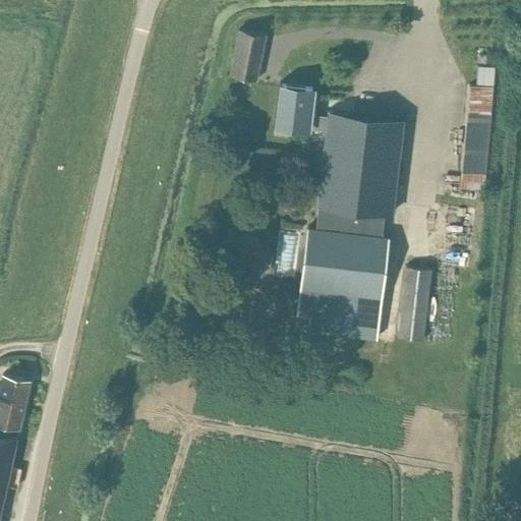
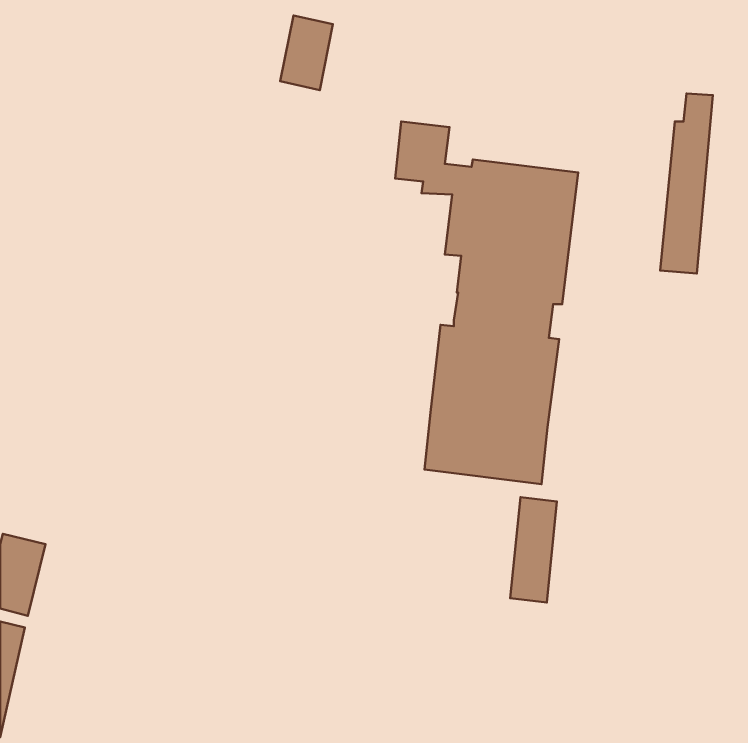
building: [229,32,266,83] -> [280,16,333,90]
building: [398,269,430,342] -> [510,497,557,602]

